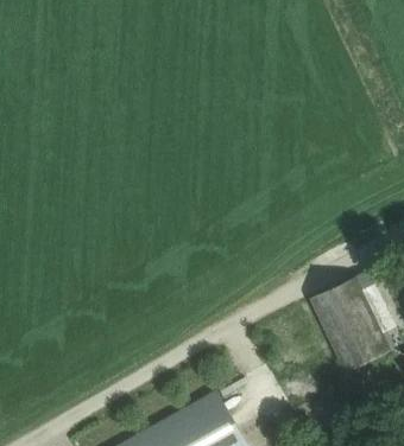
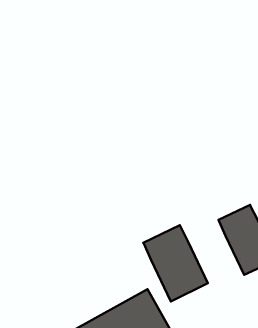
building: none -> [143,225,208,301]

